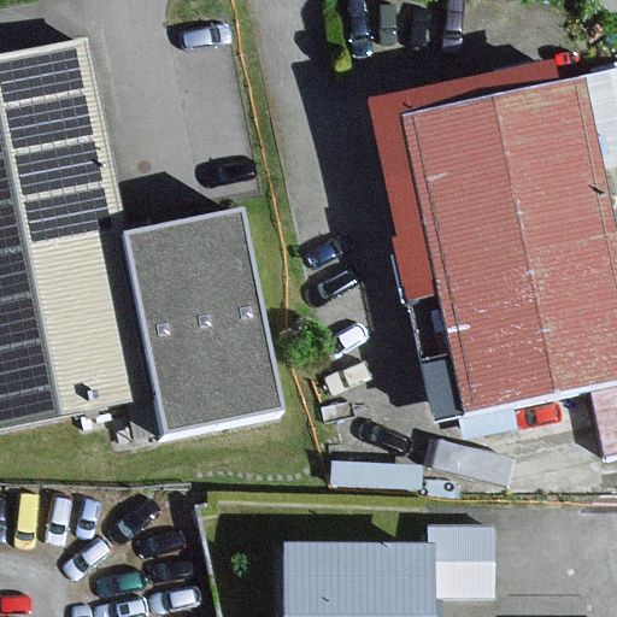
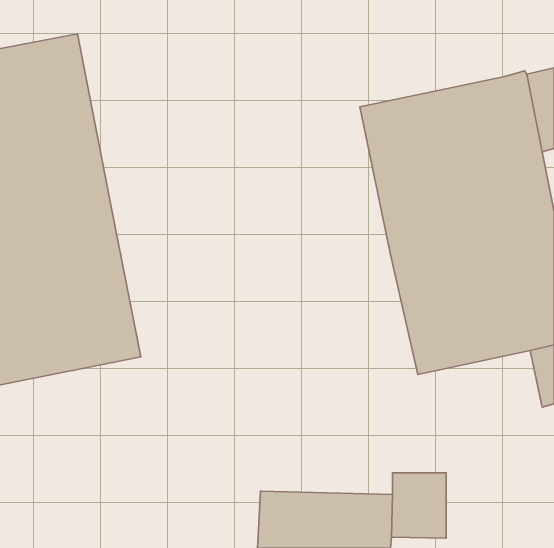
building: [368,61,558,286] -> none
building: [124,211,284,435] -> none

